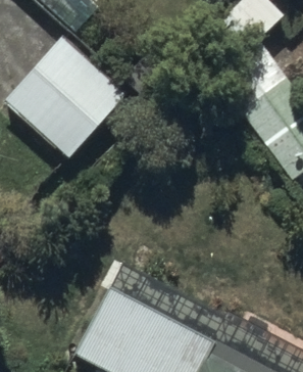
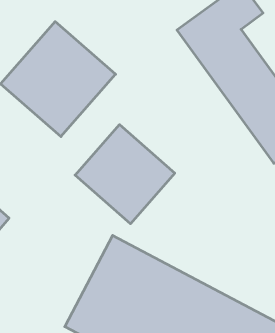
building: none -> [75,125,175,224]

